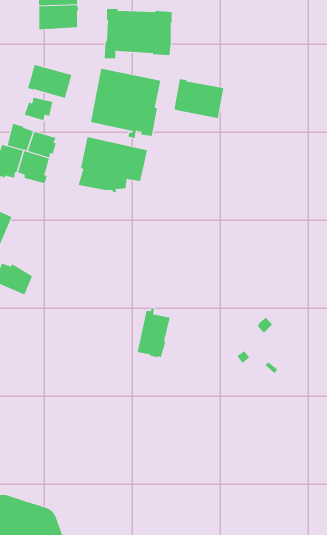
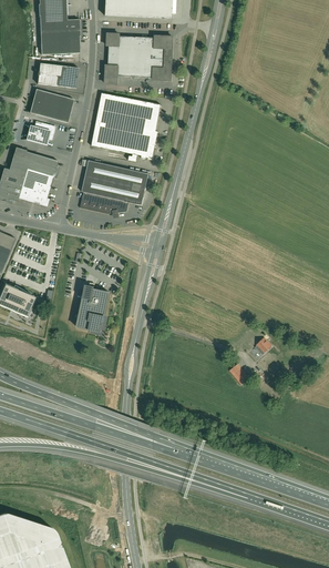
building: none -> [37,64,78,89]
building: [174,78,224,119] -> none
building: [137,307,171,358] -> [75,283,109,333]

